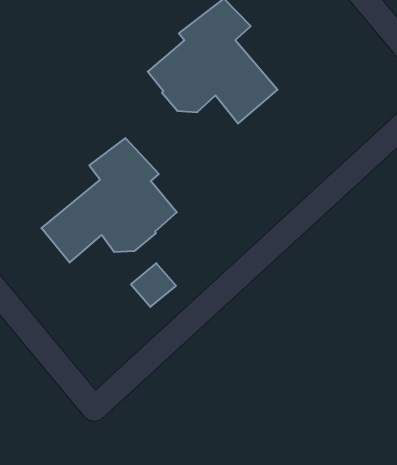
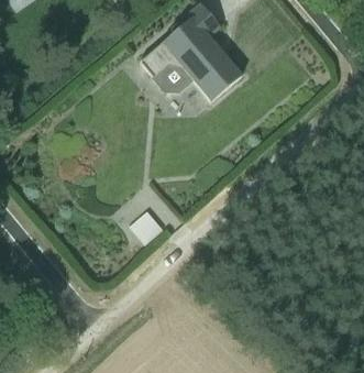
building: [41,138,177,263] -> none

